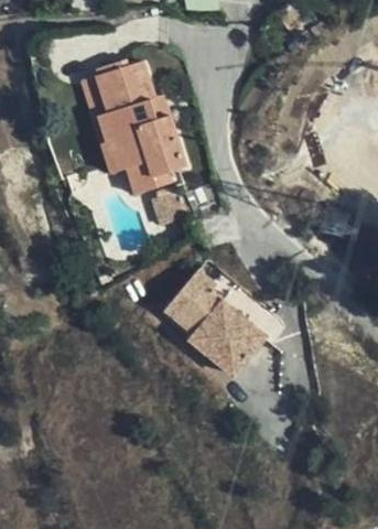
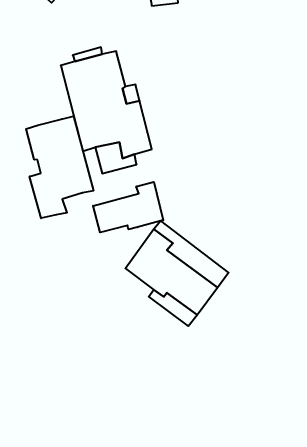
building: none -> [26,116,93,218]
building: none -> [93,182,163,232]

